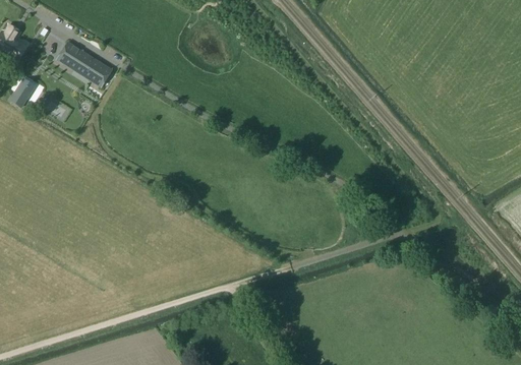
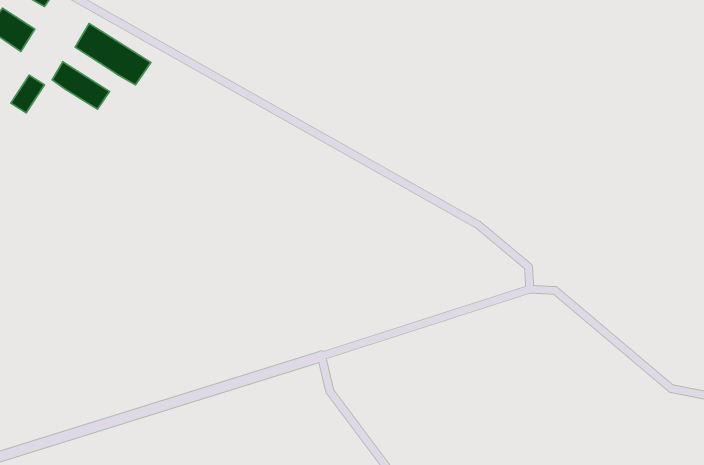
building: none -> [52,62,109,109]

